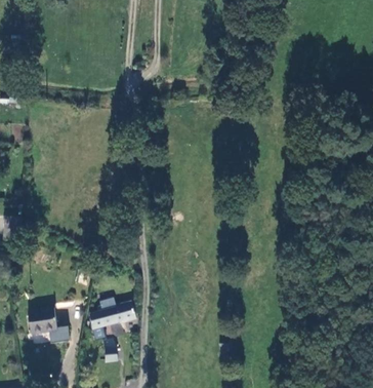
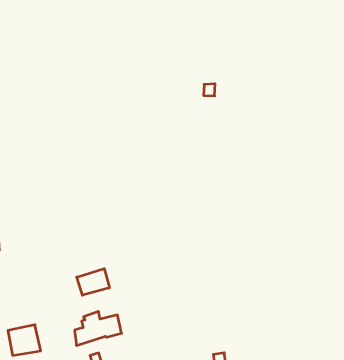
building: none -> [77,269,109,295]

